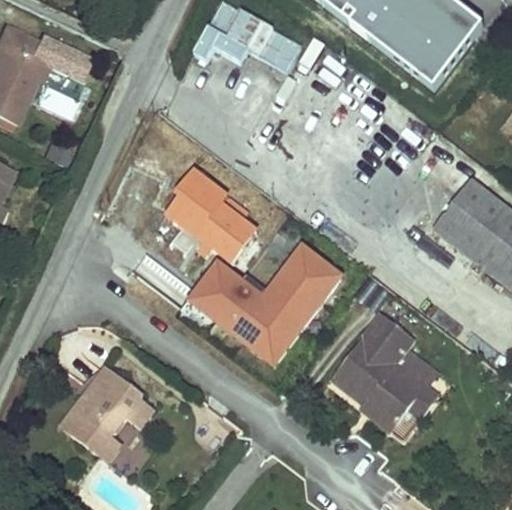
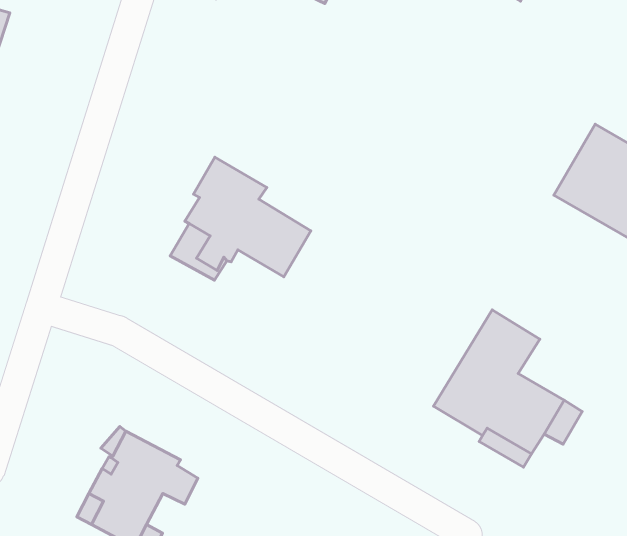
building: [192,246,344,368] -> none

